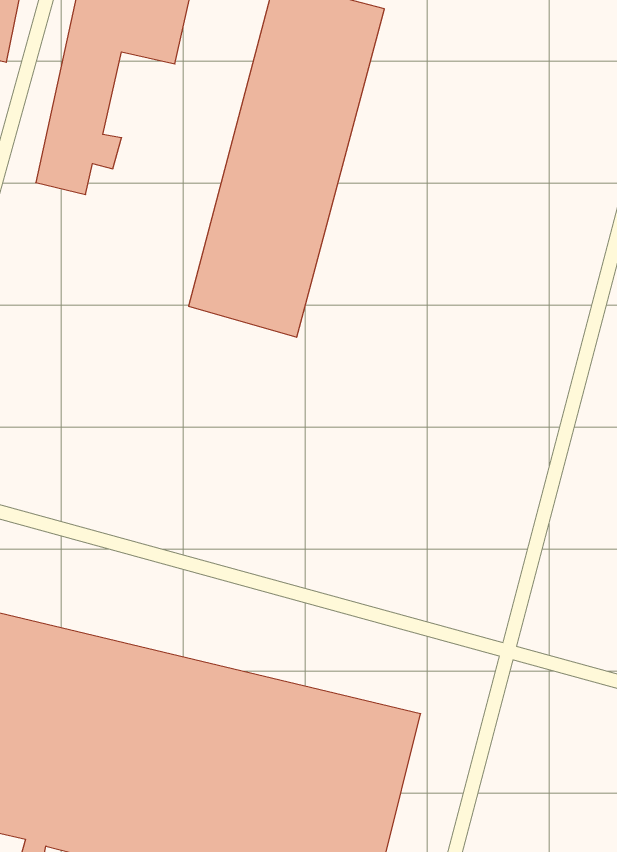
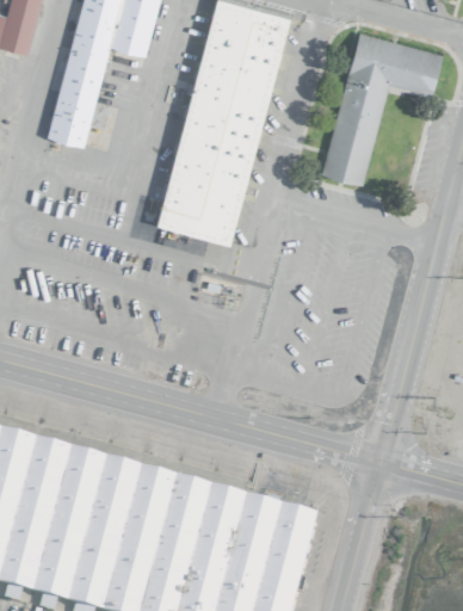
building: none -> [323,32,443,184]

